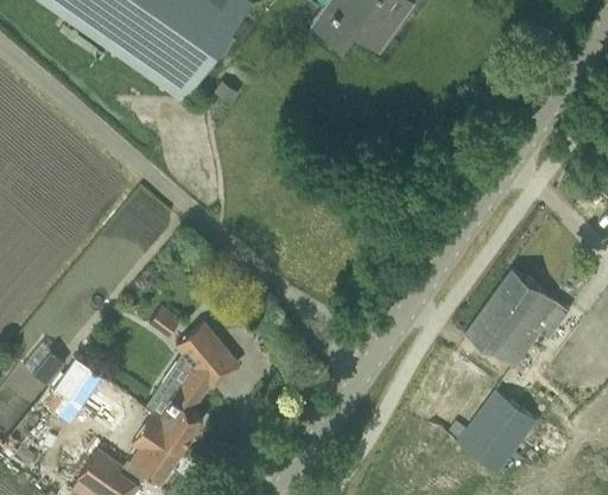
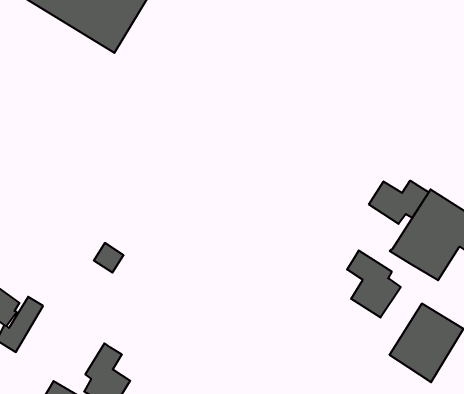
building: none -> [369,181,429,224]
building: [160,322,238,453] -> none
building: none -> [347,250,401,318]

